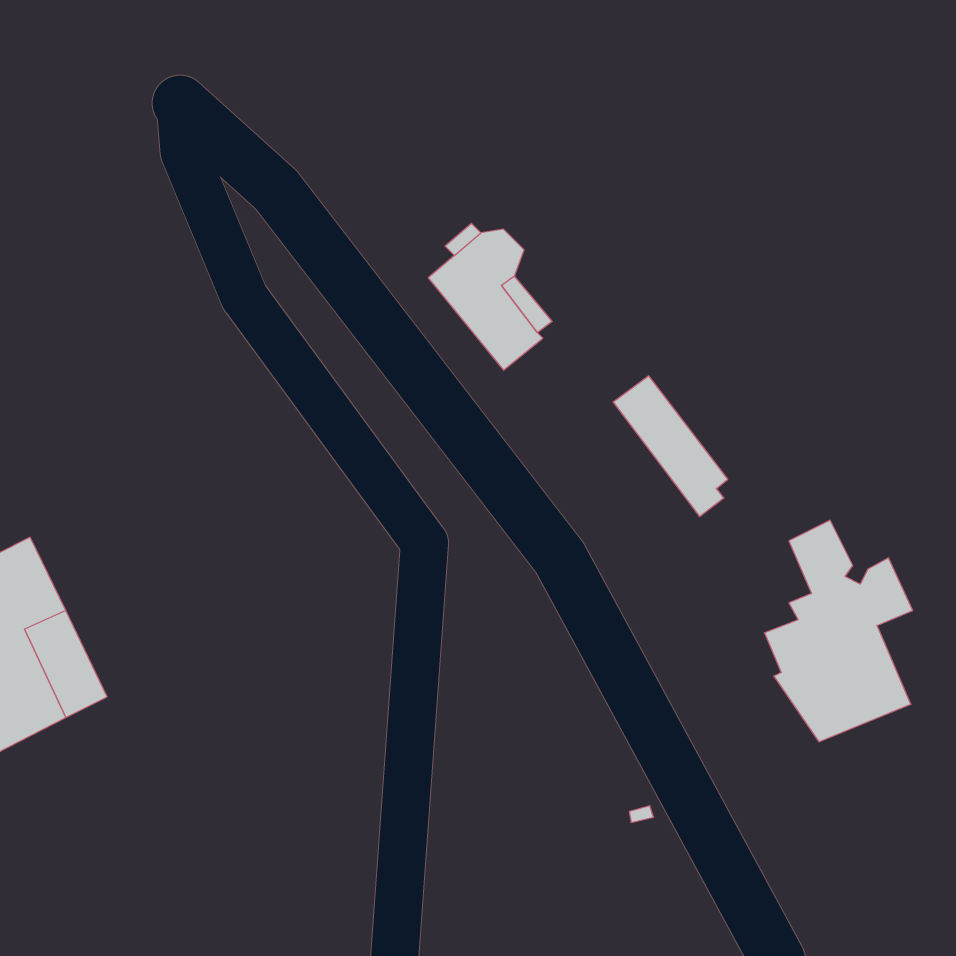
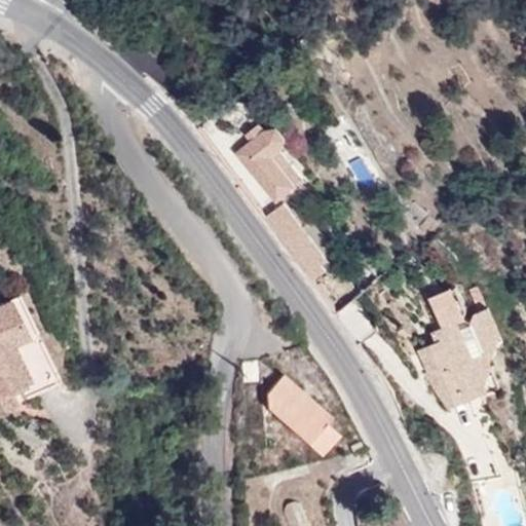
building: [613,376,728,517] -> [264,203,327,280]
building: none -> [265,377,337,454]

